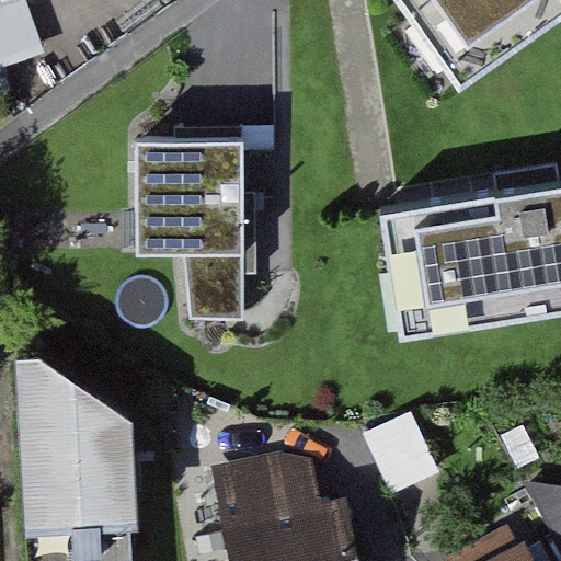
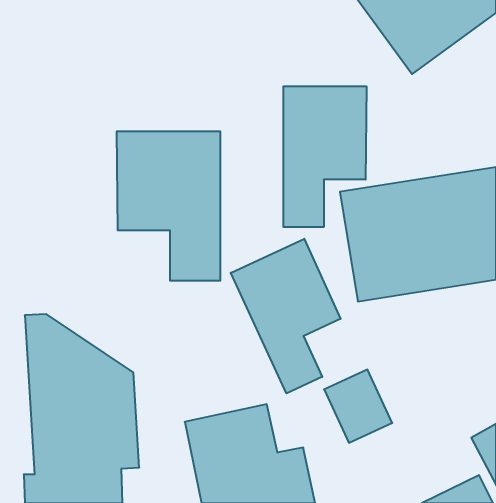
building: none -> [283,86,366,227]
building: none -> [231,239,341,393]

